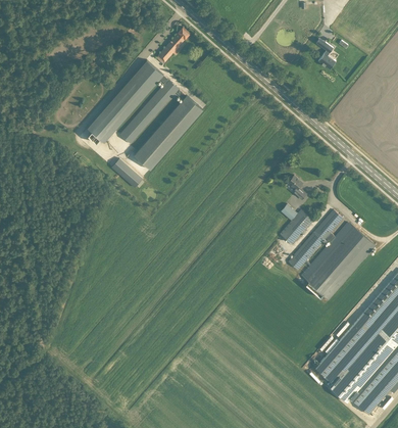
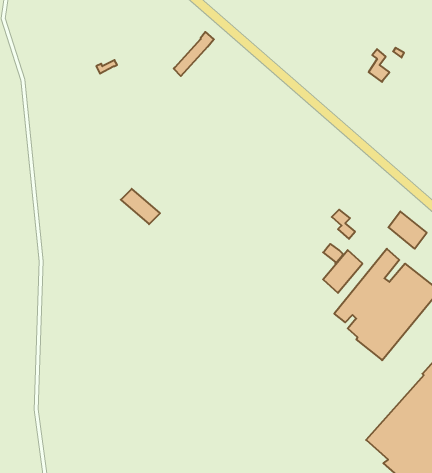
building: [87,59,203,170] -> none
building: none -> [388,211,427,249]

